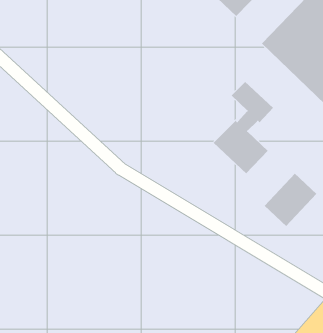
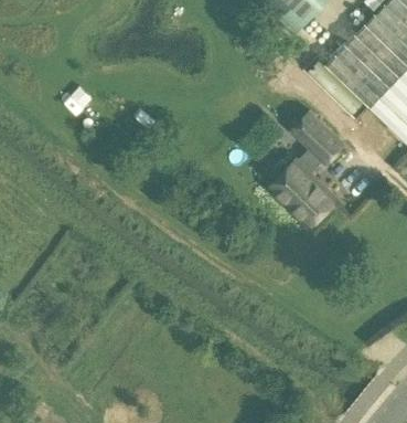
building: [264,173,317,227] -> none

